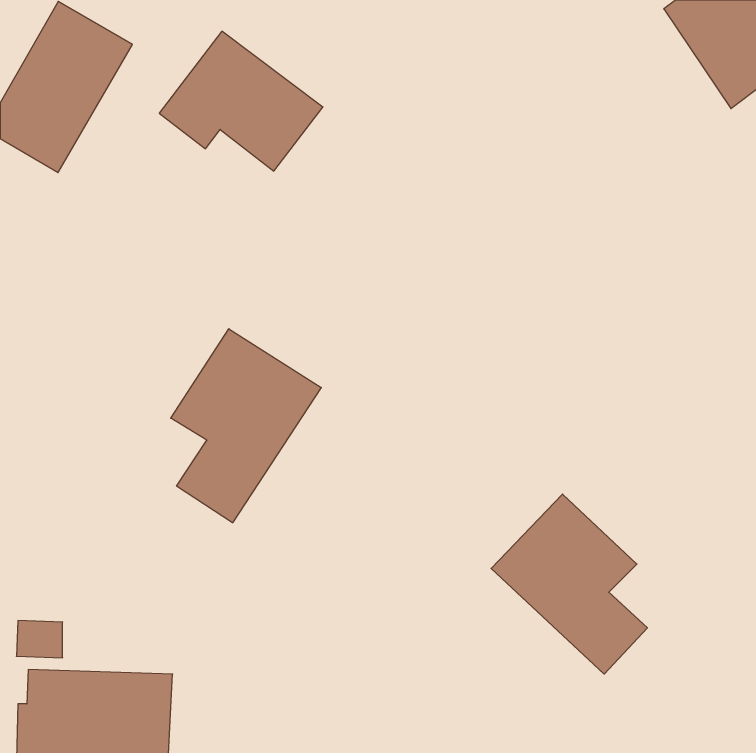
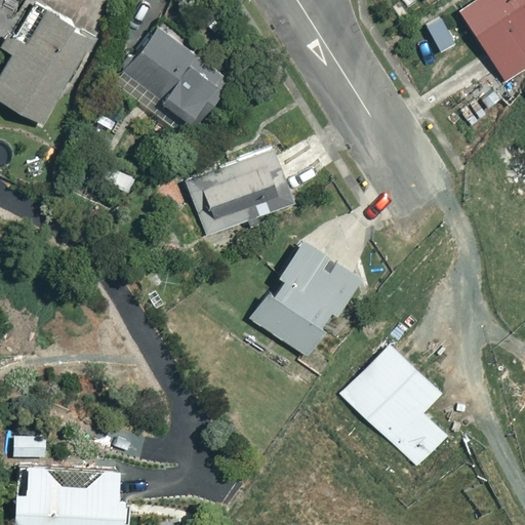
building: none -> [186,148,294,237]
building: [171,329,321,523] -> none
building: none -> [251,239,359,355]

